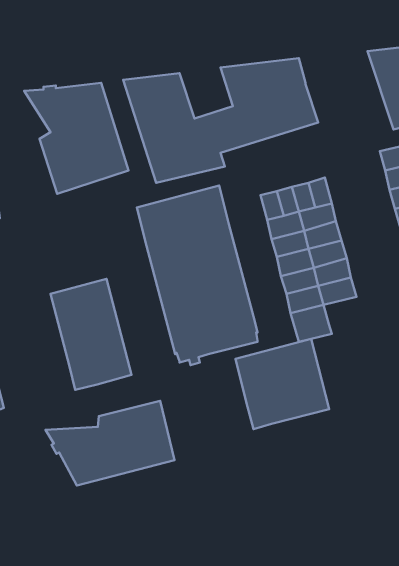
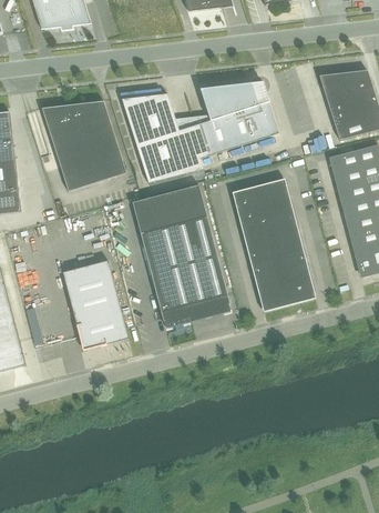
building: none -> [283,273,315,303]
building: [235,339,329,429] -> none
building: [45,401,175,485] -> none

